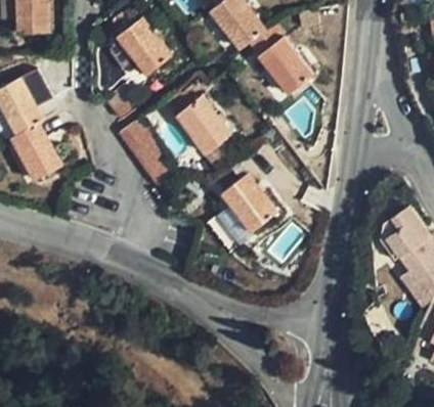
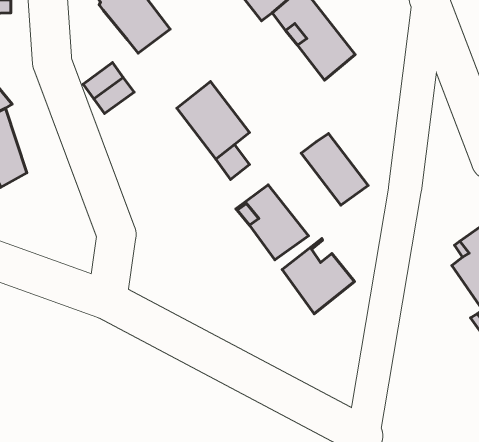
building: [116,121,171,185] -> none
building: none -> [301,133,368,205]
building: none -> [282,239,355,314]

